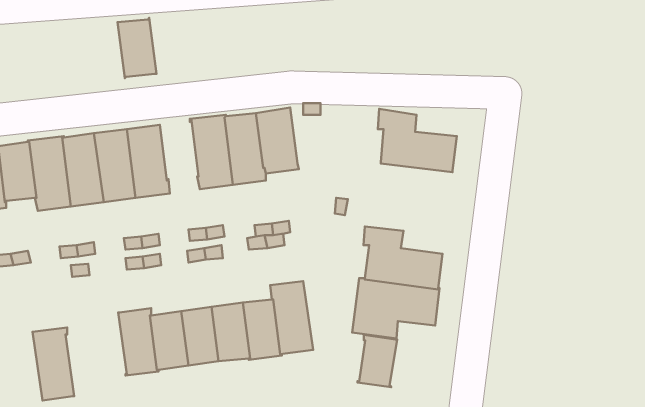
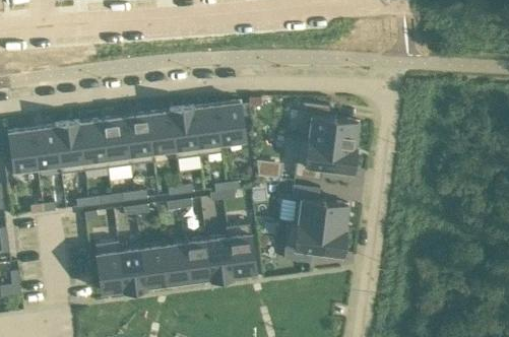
building: [118,18,156,78] -> [148,110,176,152]
building: none -> [295,138,357,180]
building: [33,327,74,401] -> [96,241,125,292]
building: [358,335,397,387] -> none

